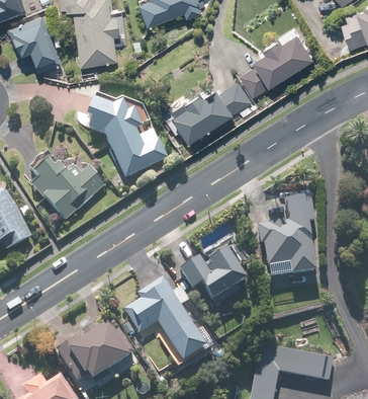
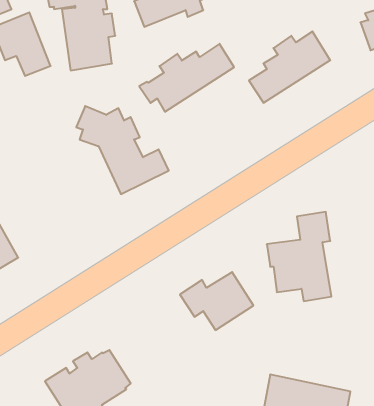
building: [168,79,254,141] -> [139,44,234,112]
building: [31,160,106,221] -> none
building: [124,276,207,361] -> none

